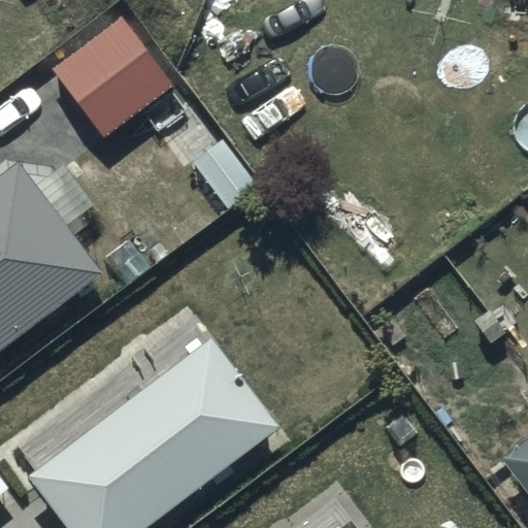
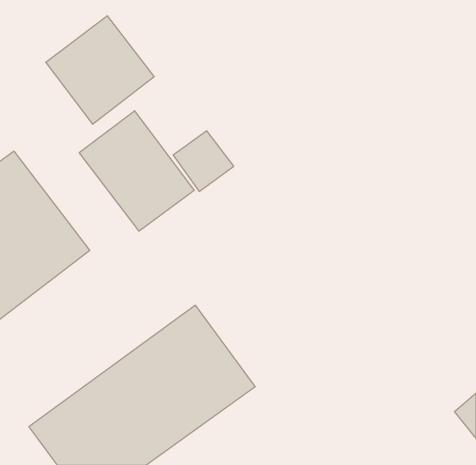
building: none -> [79,111,194,231]

